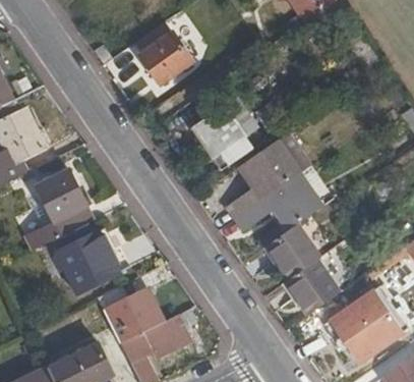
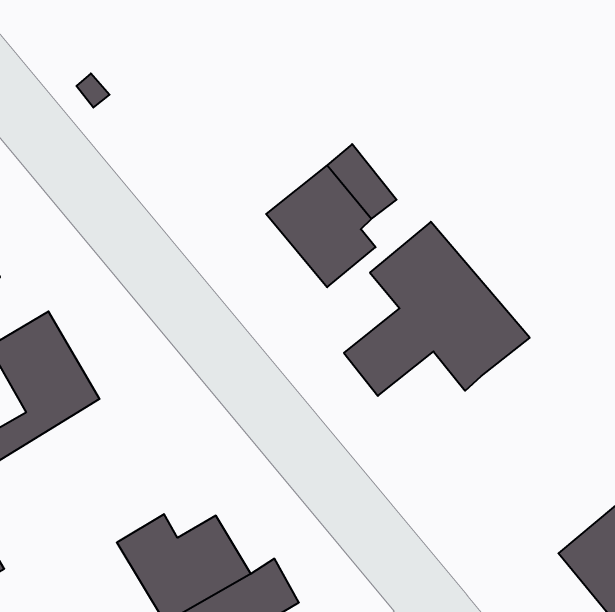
building: [132,22,194,84] -> none
building: [265,224,357,315] -> none
building: [55,231,120,294] -> none

